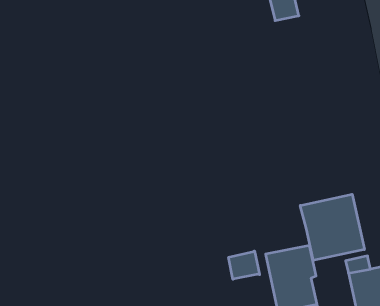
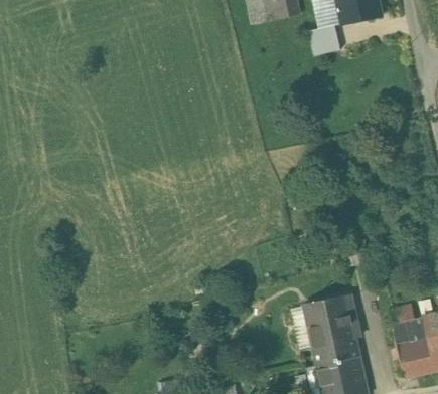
building: [300,194,364,261] -> none
building: [229,251,260,279] -> none

